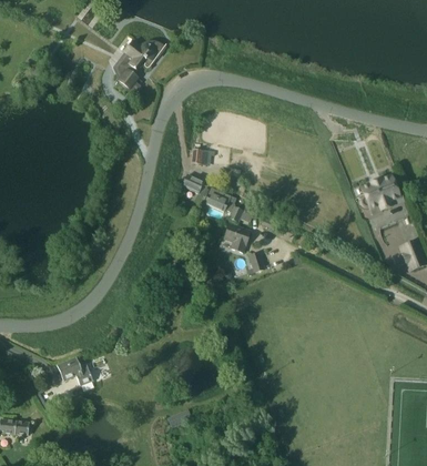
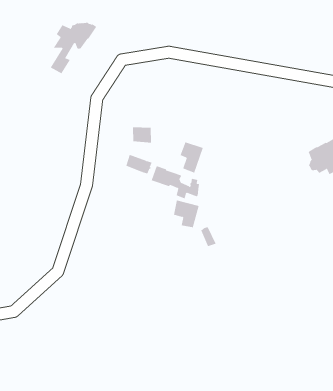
building: none -> [180,142,204,174]
building: [55,358,92,385] -> none

